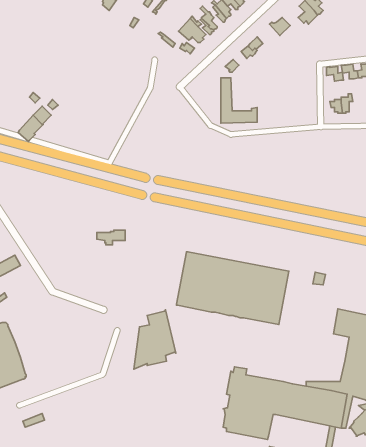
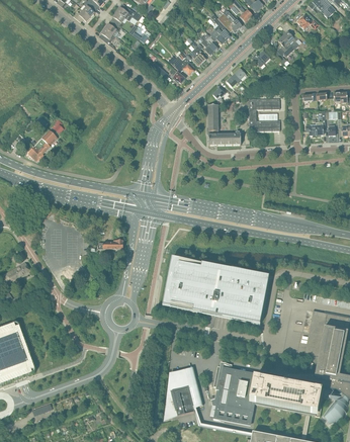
building: none -> [249,97,280,129]
building: [134,310,176,369] -> [165,365,202,418]

